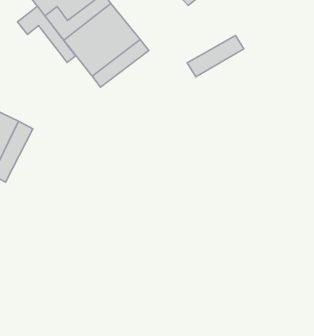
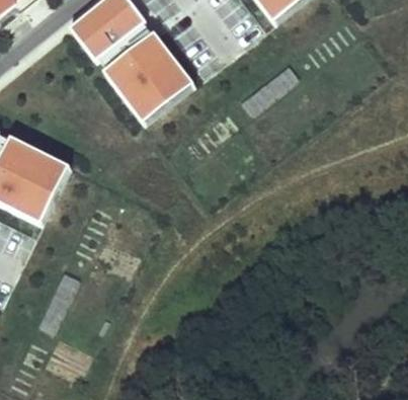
building: [17,6,75,63] -> none

